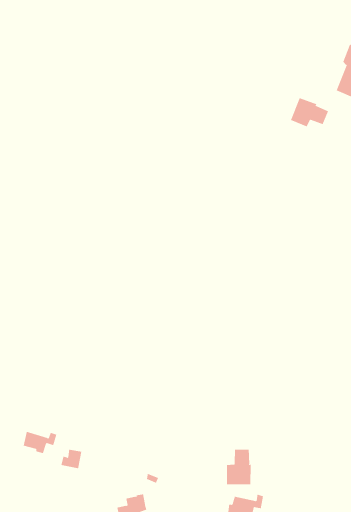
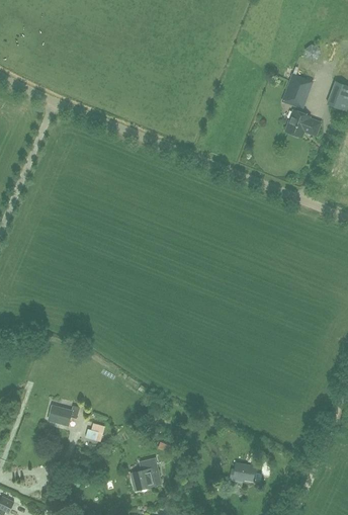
building: none -> [282,74,312,108]
building: [227,449,251,485] -> none

